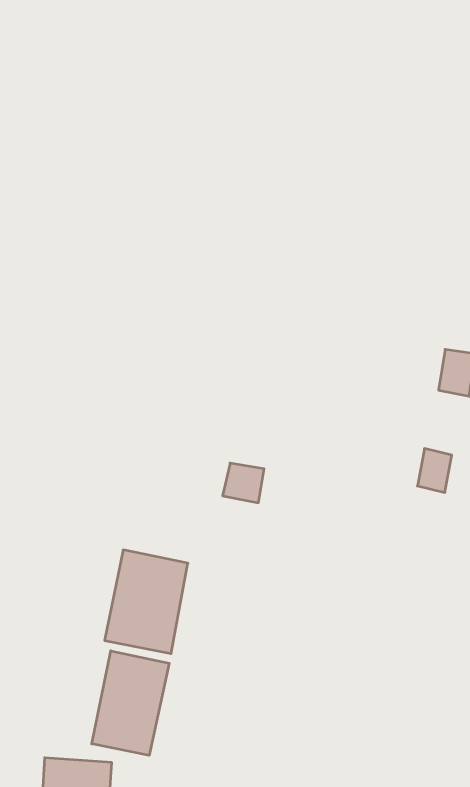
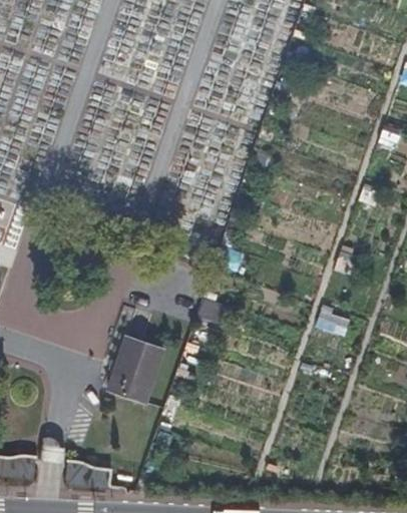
building: [92,651,169,755] -> none

